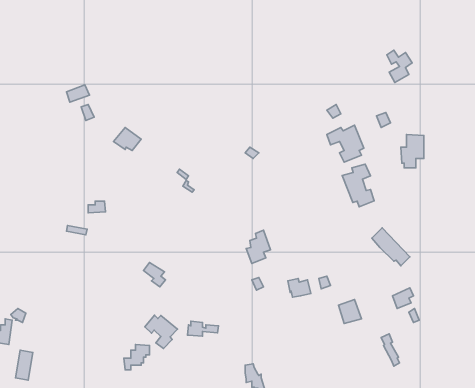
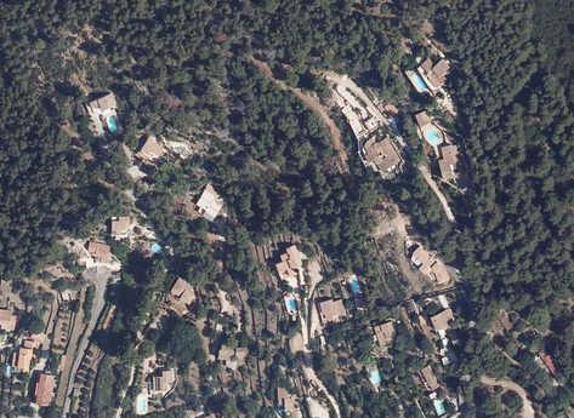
building: [342,164,374,207] -> none
building: [145,315,177,348] -> none

